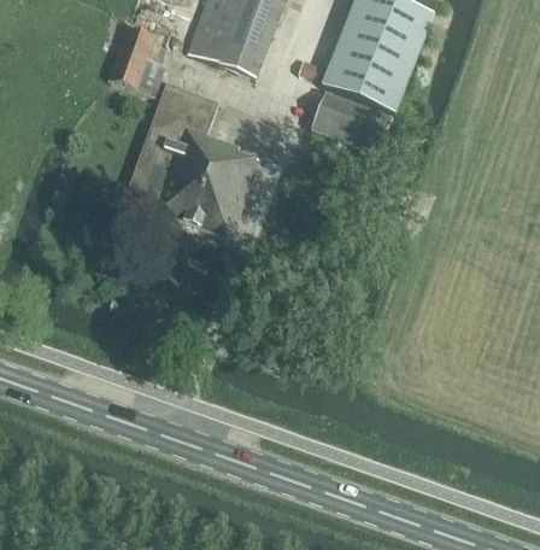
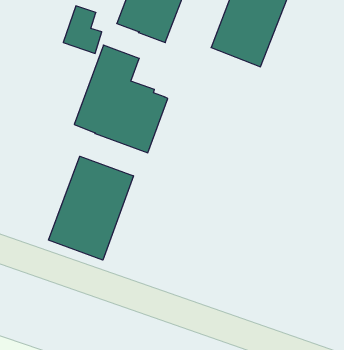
building: [311,89,393,152] -> none
building: none -> [48,156,133,260]

